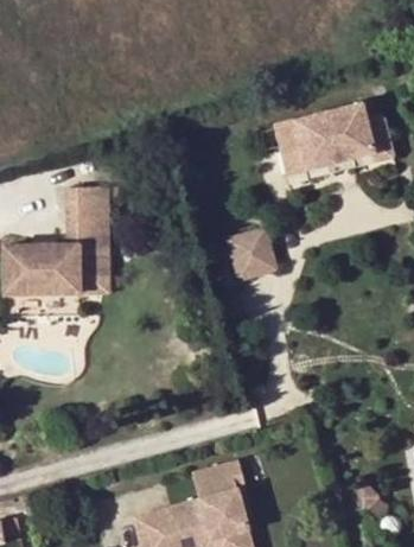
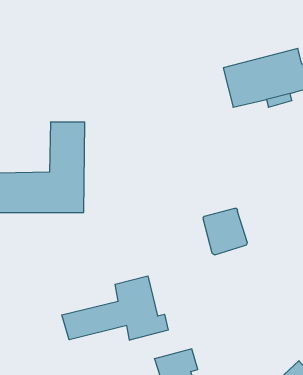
building: [228,222,281,278] -> [203,209,247,255]
building: none -> [62,276,168,340]

